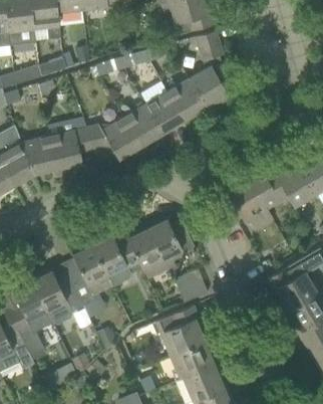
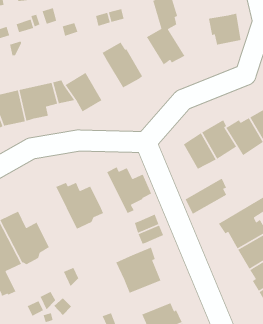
building: none -> [208,13,241,46]
building: [167,76,207,120] -> none
building: [122,103,163,146] -> none
building: [127,223,168,279] -> none
building: none -> [185,178,227,215]
building: [69,239,112,306] -> none
building: [170,342,215,381] -> none

